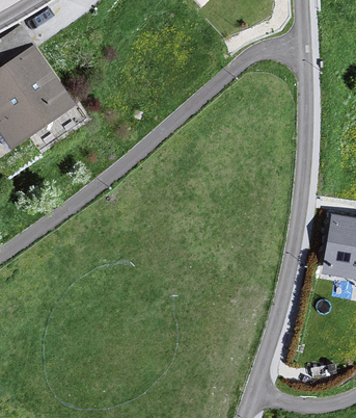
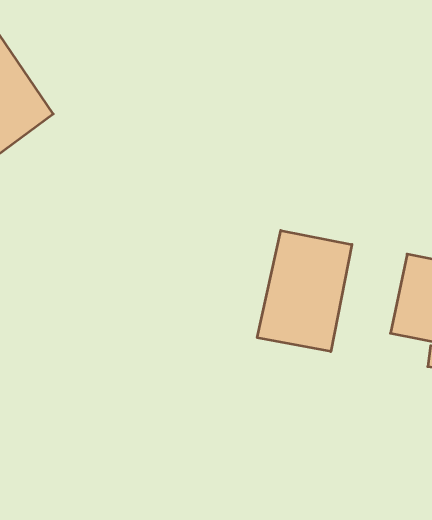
building: none -> [257,230,352,352]

